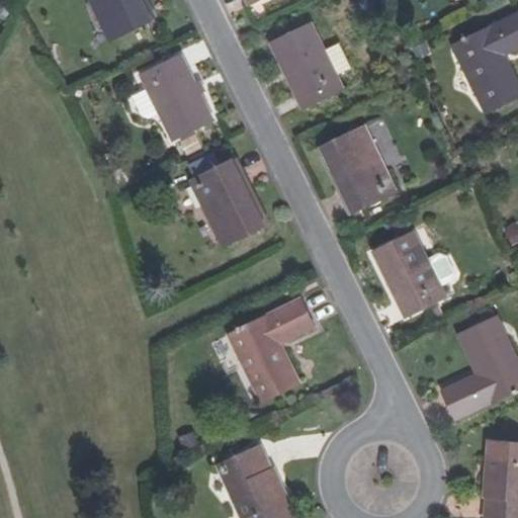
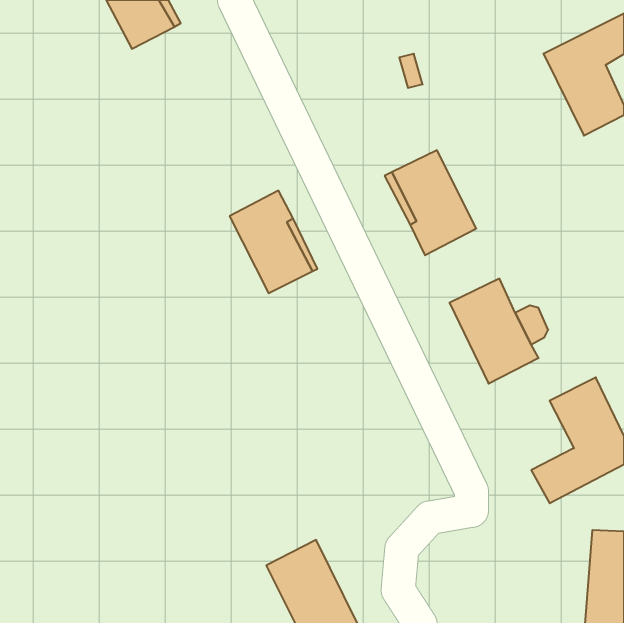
building: [270,23,343,109] -> none
building: [140,56,212,141] -> none
building: [228,299,314,403] -> none

